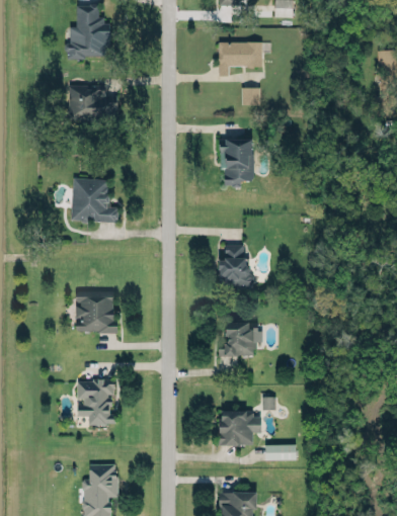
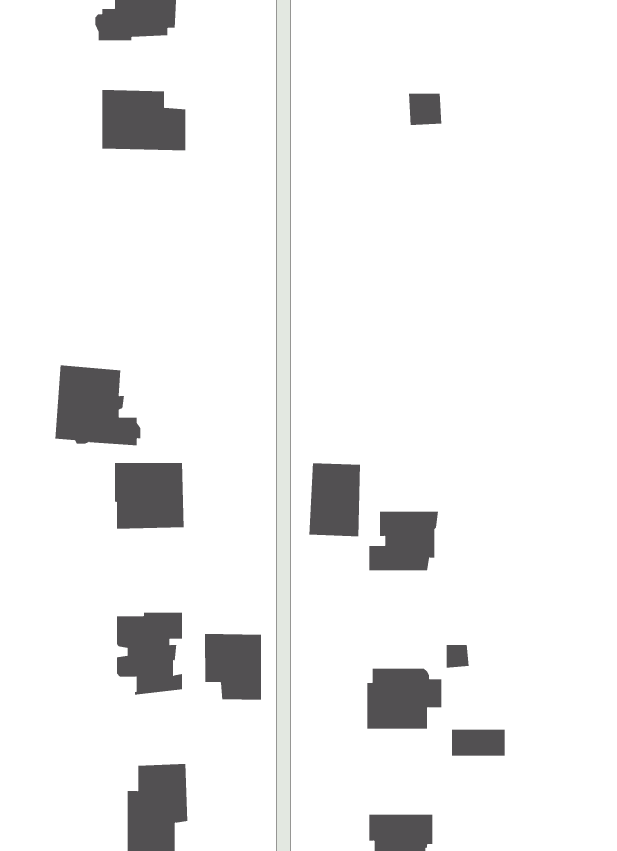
building: [218,42,261,76] -> none
building: [220,140,253,187] -> none
building: [70,178,118,224] -> [55,365,141,446]
building: [219,245,248,286] -> [309,463,361,537]
building: none -> [204,633,261,701]

